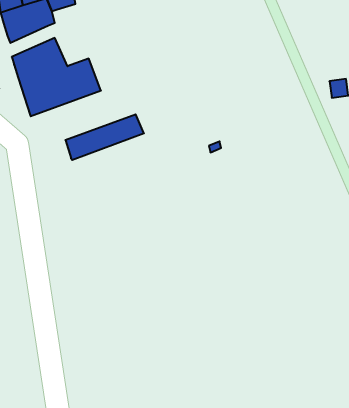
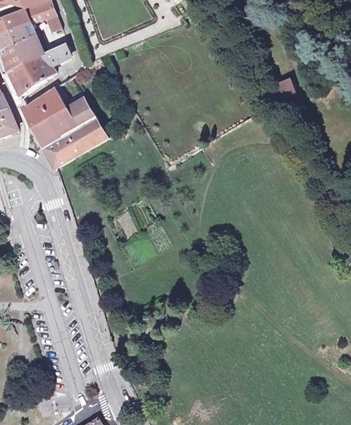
building: [65,114,144,160] -> [46,120,108,165]

